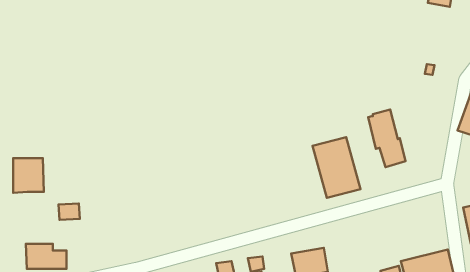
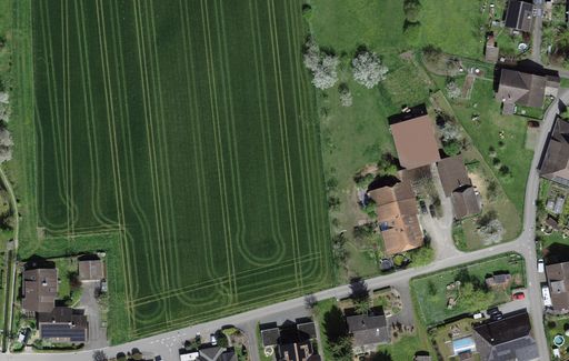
building: none -> [499,70,546,104]
building: none -> [389,114,440,171]
building: [13,158,44,193] -> [23,269,59,309]

